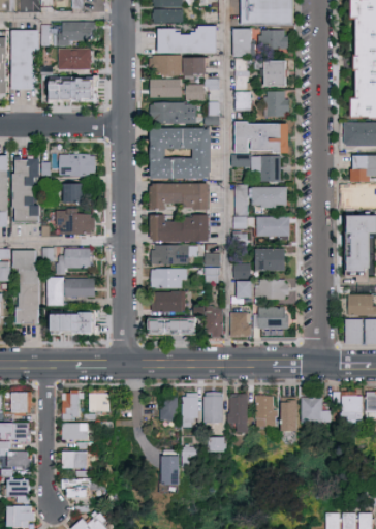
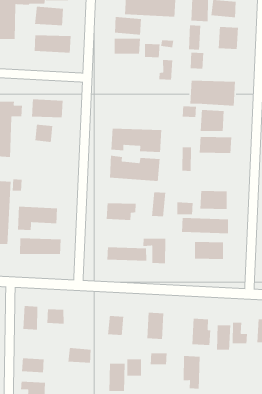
building: [184,57,208,74] -> none
building: [264,91,289,116] -> none
building: [151,102,195,123] -> none
building: [153,127,214,179] -> none
building: [60,213,93,235] -> none
building: [256,216,291,237] -> none
building: [152,244,197,264] -> none
building: [57,248,92,274] -> none
building: [152,291,185,312] -> none
building: [229,312,251,337] -> none
building: [184,393,200,428] -> none
building: [230,394,251,432] -> [183,355,200,389]
building: [63,423,90,440] -> [67,347,92,364]

